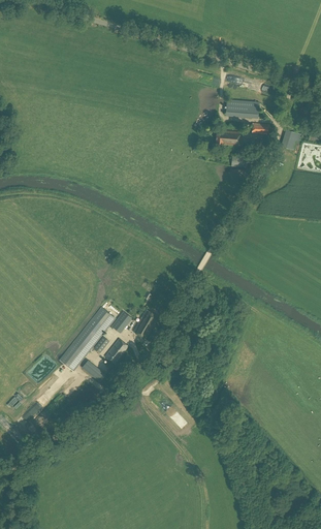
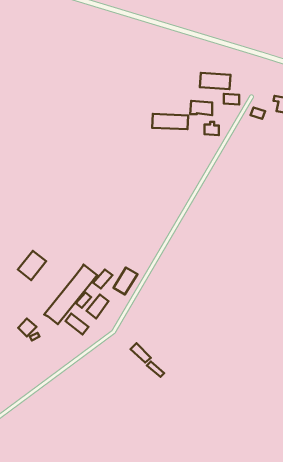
building: none -> [152,114,188,129]
building: none -> [18,251,46,280]

